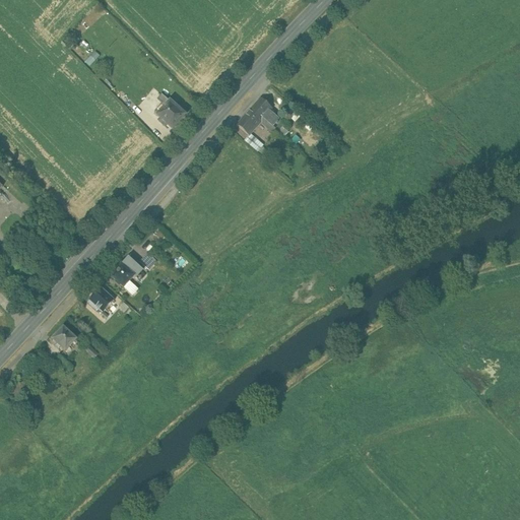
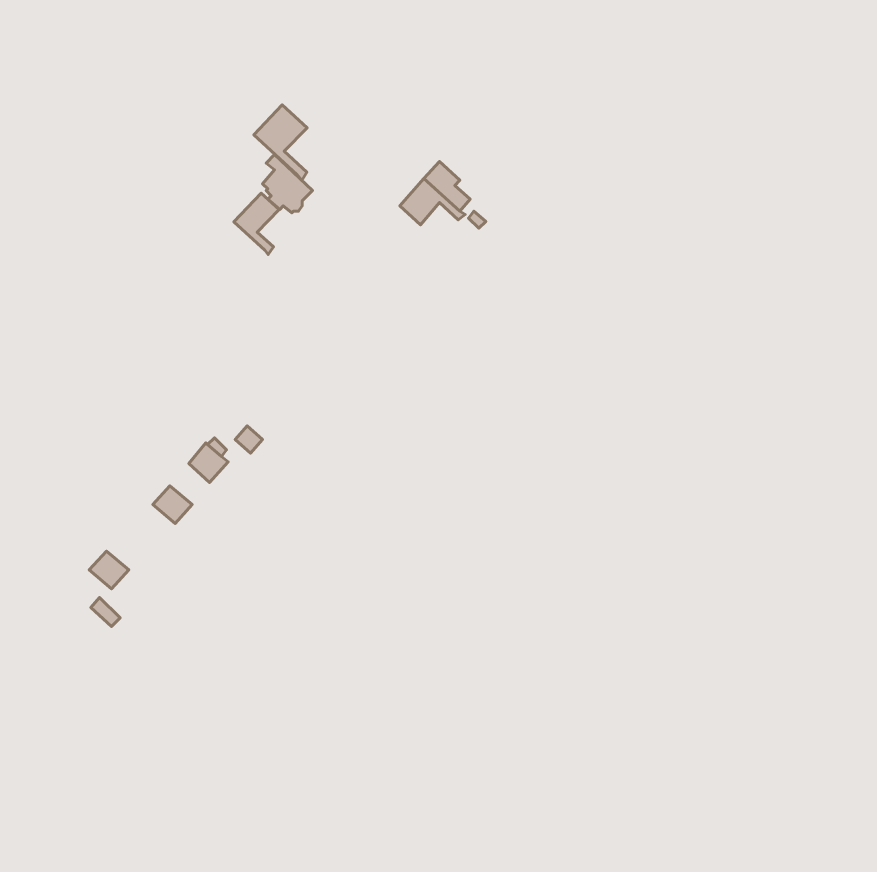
building: none -> [254,105,307,180]
building: none -> [234,193,279,255]

